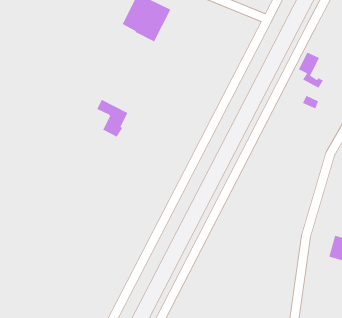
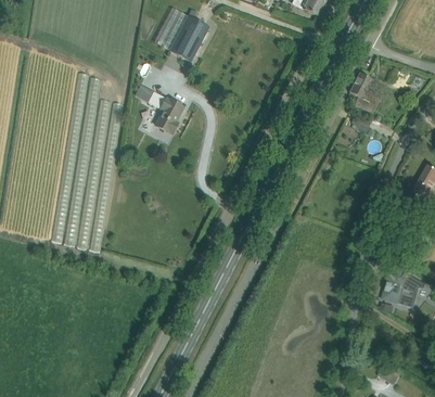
building: [97,99,128,138] -> [149,91,183,133]

